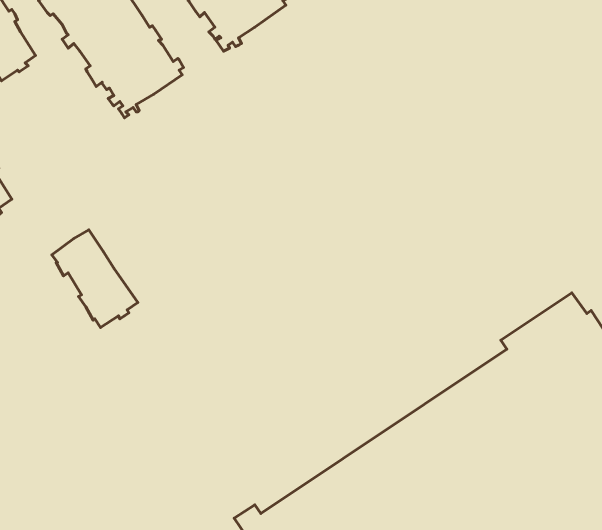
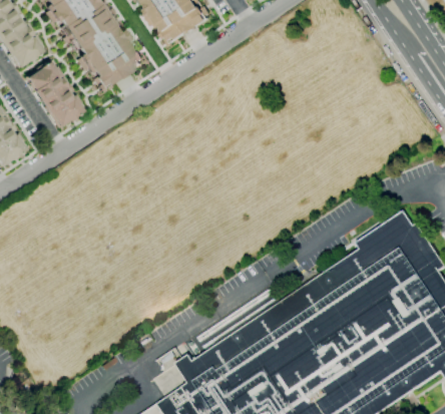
building: [52,230,138,328] -> [25,61,83,127]

